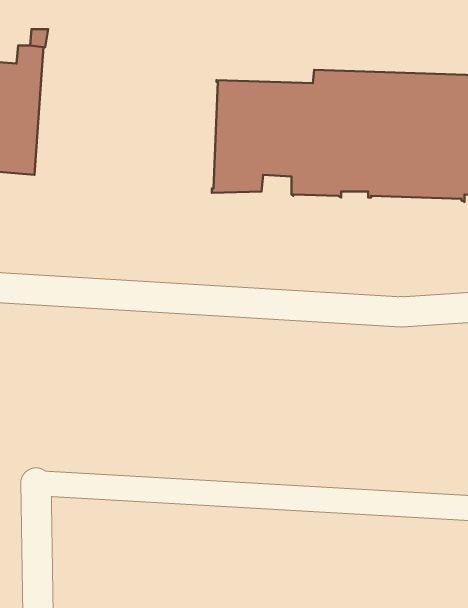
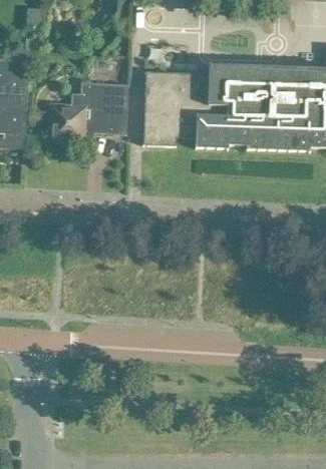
building: none -> [48,81,129,141]

